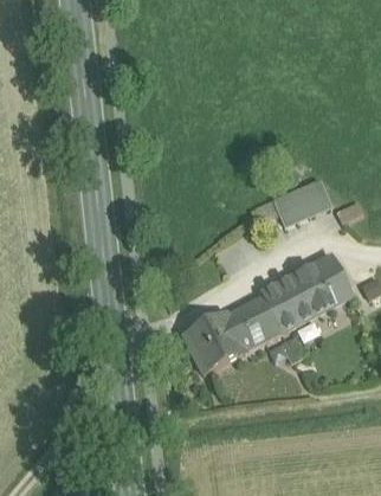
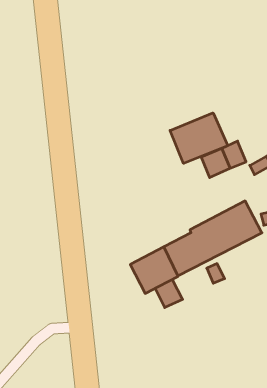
building: none -> [170,113,228,163]
building: none -> [155,280,183,308]

